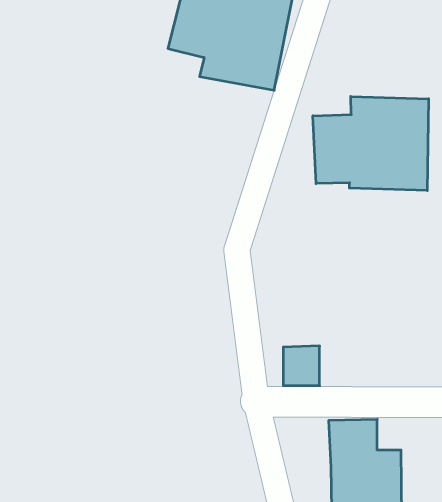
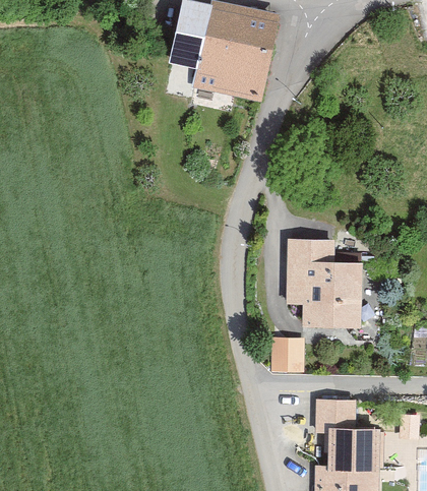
building: [313,96,429,191] -> none
building: none -> [287,238,365,327]

